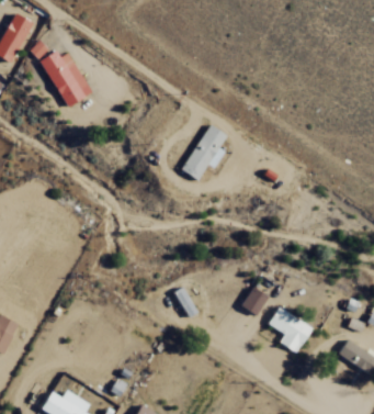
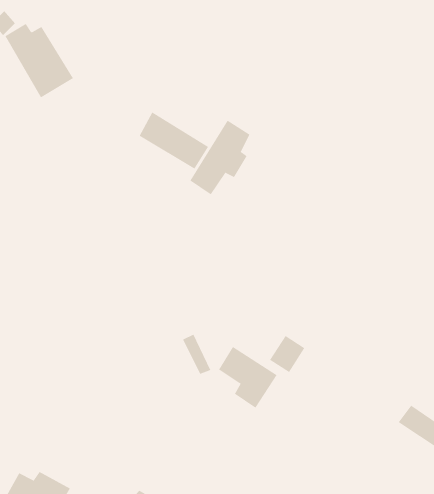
building: none -> [139,112,209,170]
building: [268,305,313,353] -> [218,346,277,408]

